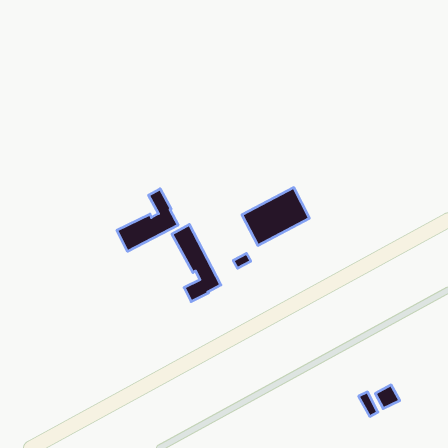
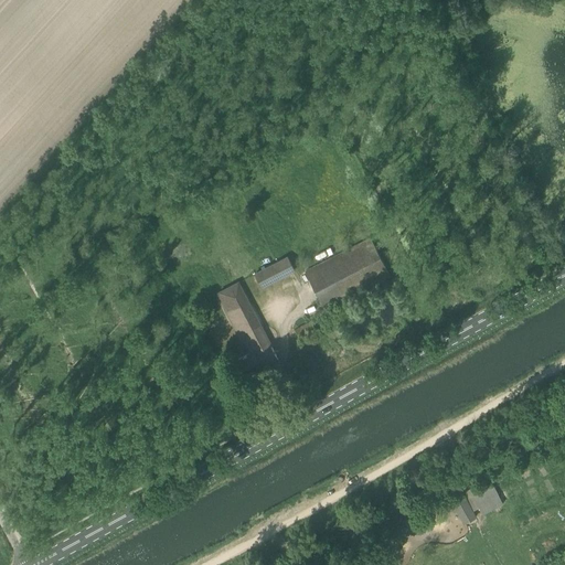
building: [117,189,178,251] -> none
building: none -> [254,255,296,288]

